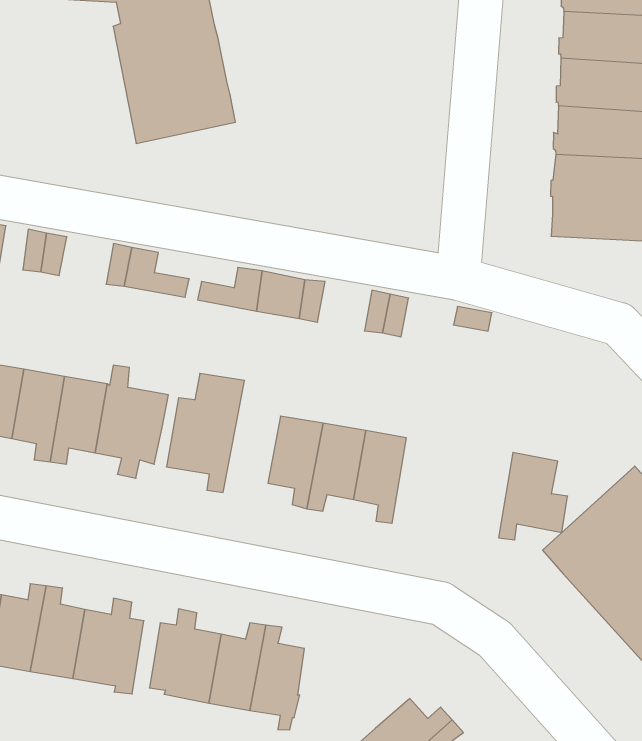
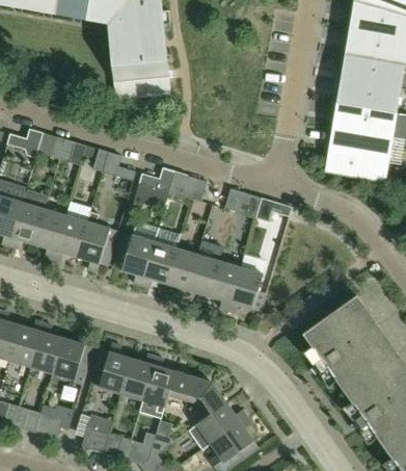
building: none -> [141,228,180,288]
building: [499,452,568,540] -> [227,267,266,313]
building: none -> [168,371,226,417]

